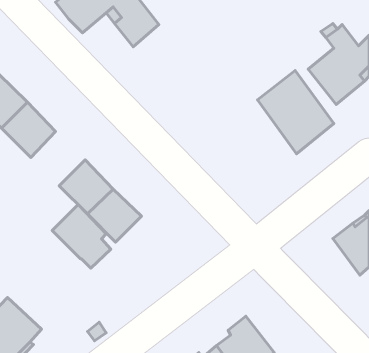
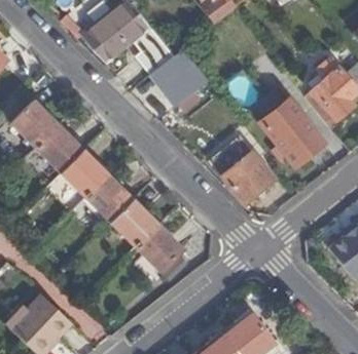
building: none -> [150,49,209,107]
building: none -> [61,150,108,197]
building: none -> [211,151,274,203]
building: [52,205,111,268] -> [135,224,186,279]

